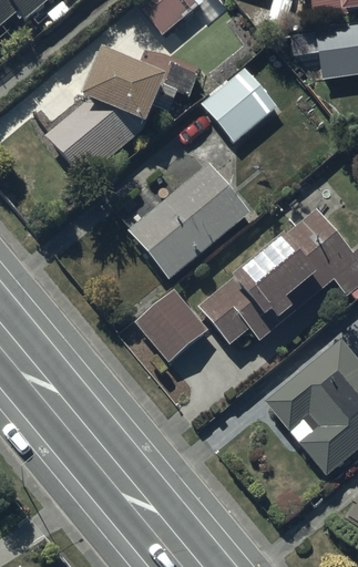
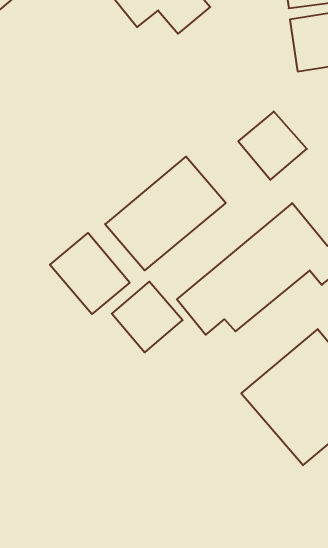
building: [45,49,200,178] -> none
building: [203,71,272,140] -> [238,111,307,180]
building: none -> [50,233,130,314]

